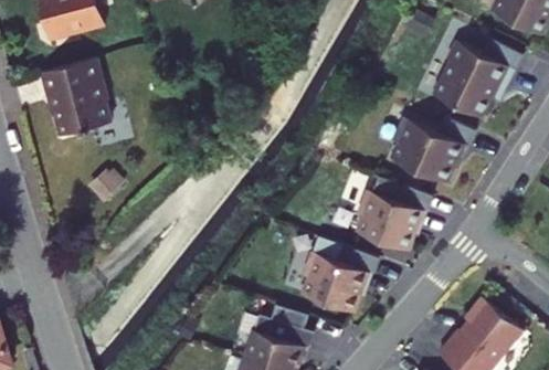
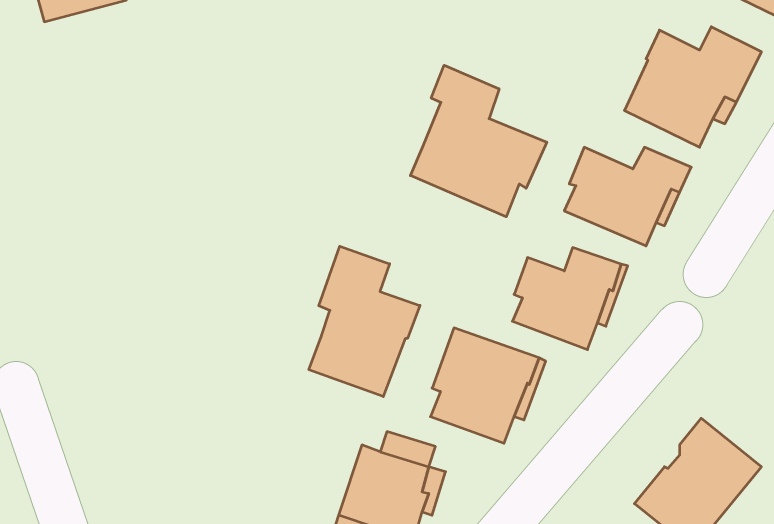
building: [36,55,107,134] -> none
building: none -> [410,65,547,217]
building: none -> [309,246,420,397]

